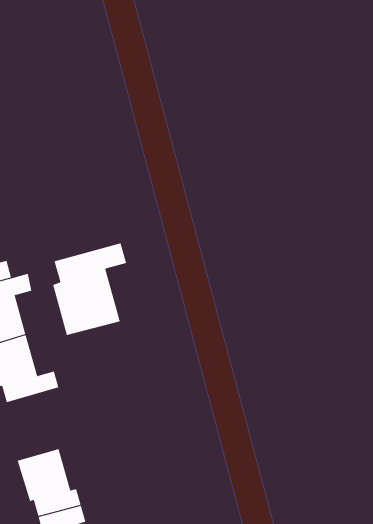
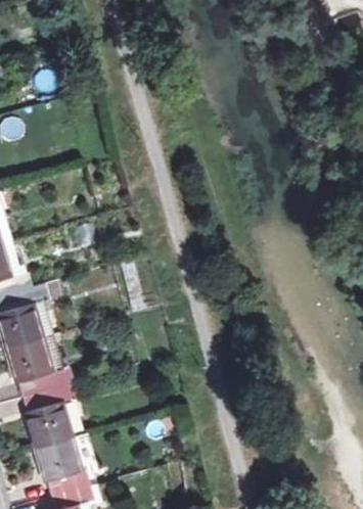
building: [53,242,127,336] -> none
building: none -> [25,381,76,445]

